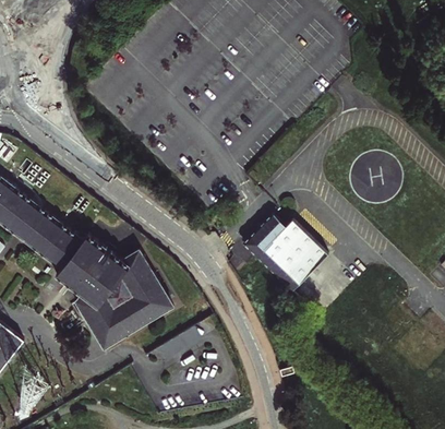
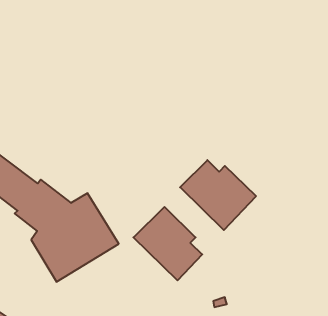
building: none -> [133,207,202,280]

